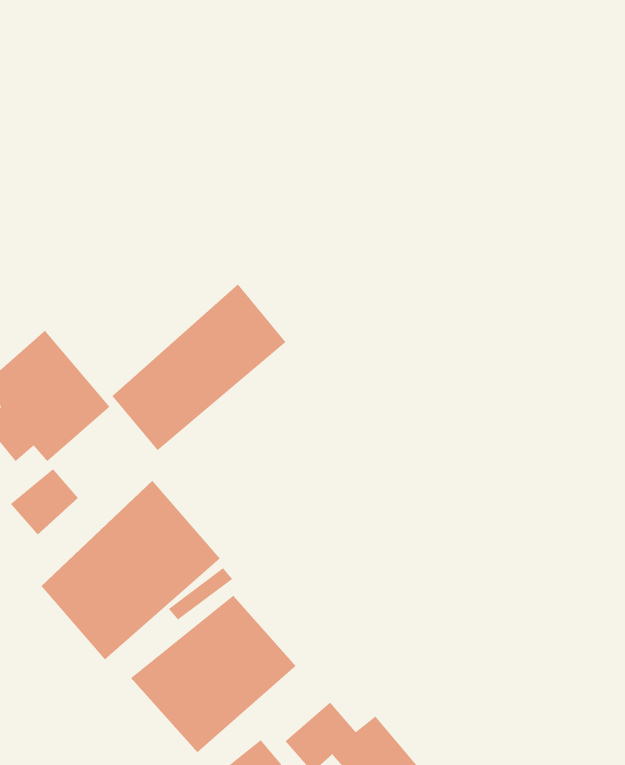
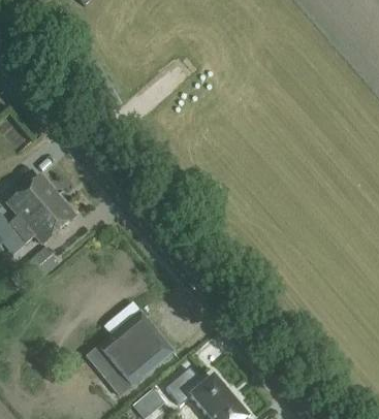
building: [112,284,286,451] -> none
building: [40,480,221,661] -> none

